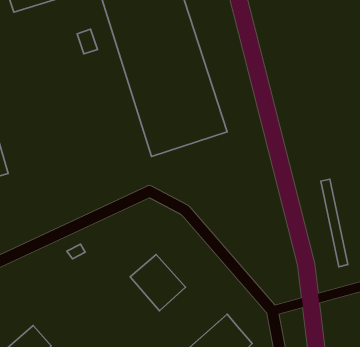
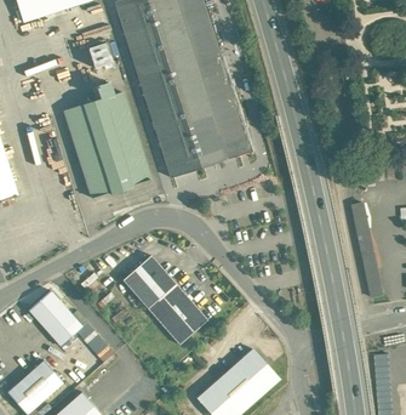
building: none -> [64,83,150,198]
building: none -> [122,255,176,308]
building: none -> [28,290,82,346]

